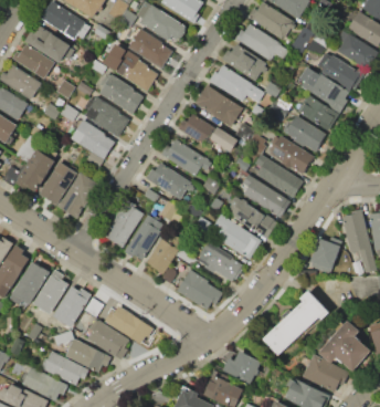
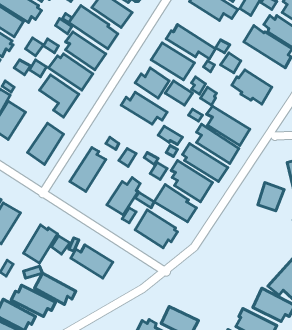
building: [221,44,266,81] -> none
building: [297,95,338,132] -> none
building: [267,136,313,176] -> none
building: [40,163,76,205] -> none
building: [145,164,191,200] -> none
building: [125,215,163,260] -> none
building: [33,270,68,314] -> none
building: [266,292,328,354] -> none
building: [86,321,129,361] -> none
building: [223,352,260,384] -> none

